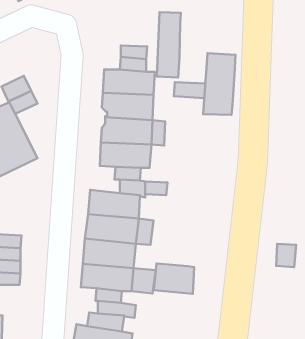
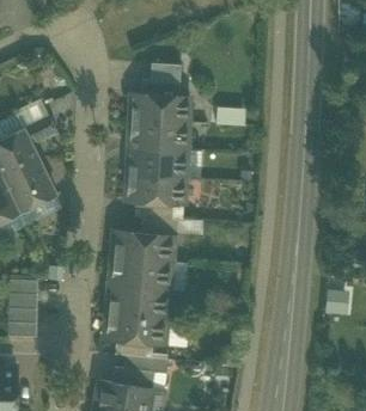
building: [157,12,181,77] -> none
building: [203,53,235,115] -> none
building: [154,264,194,294] -> none

